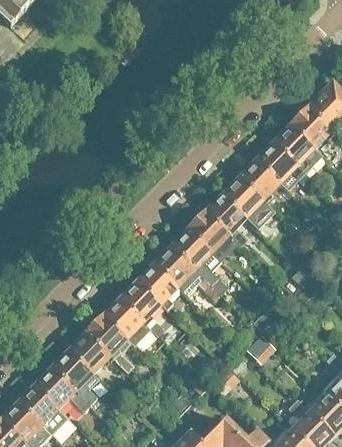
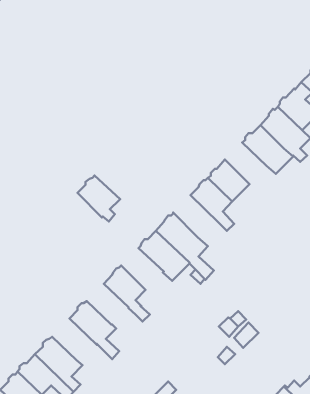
building: [238,159,282,213] -> none
building: [187,211,237,261] -> none
building: [136,263,178,308] -> [77,176,120,221]
building: [102,298,150,345] -> none
building: [68,332,112,373] -> none

